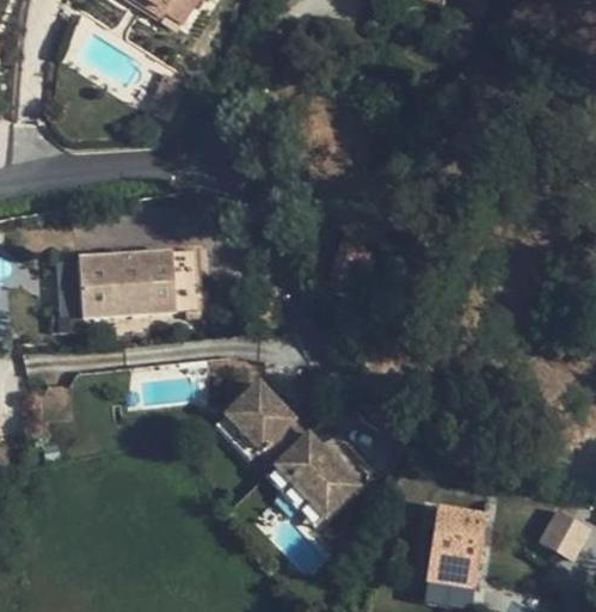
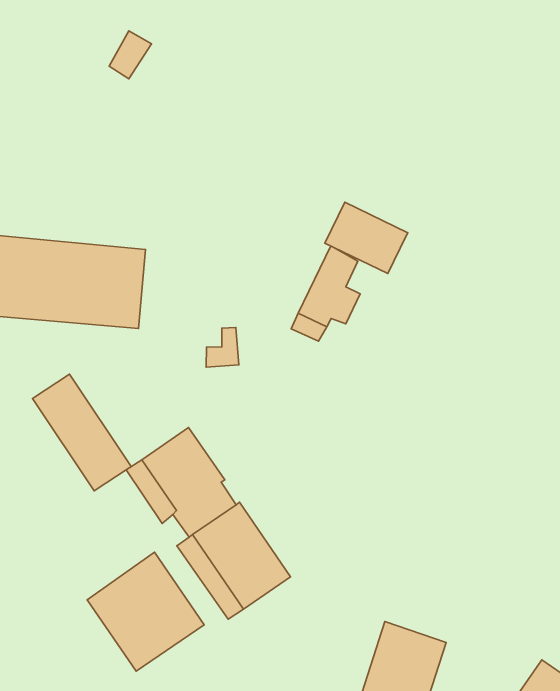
building: none -> [325,202,408,274]
building: none -> [32,374,131,491]
building: none -> [87,552,204,671]

